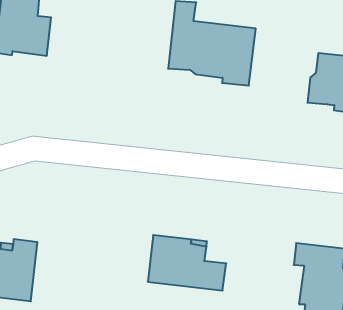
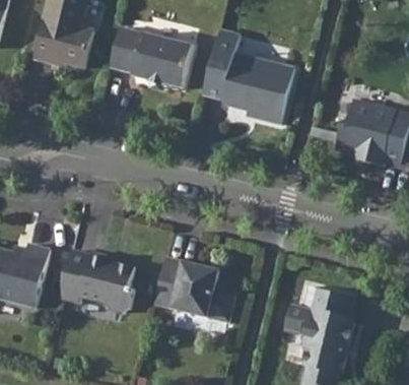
building: none -> [109,26,193,88]
building: none -> [59,249,135,311]

